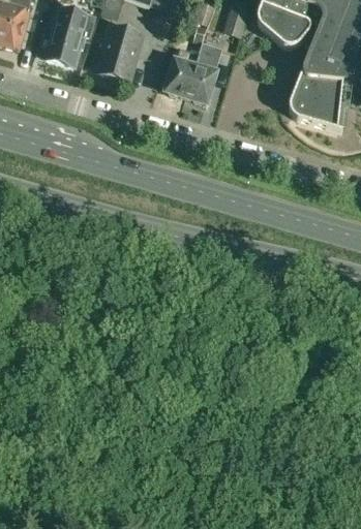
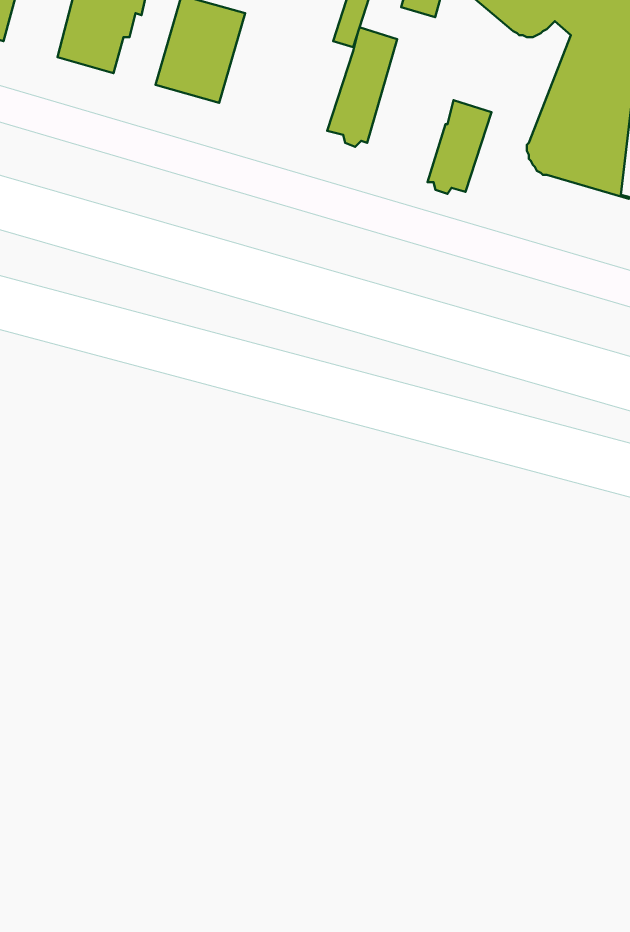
building: [167,46,200,95] -> [428,100,492,194]

